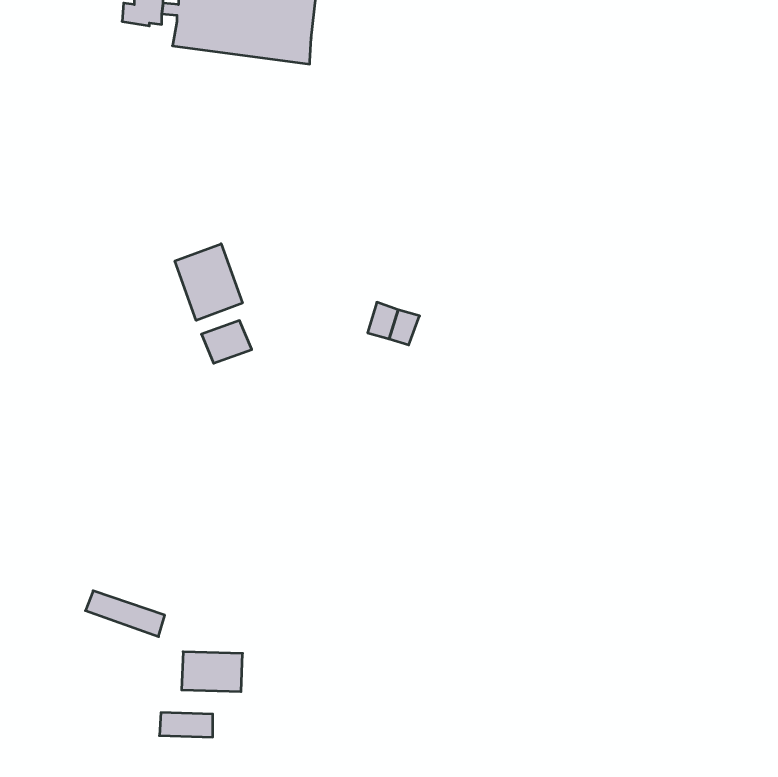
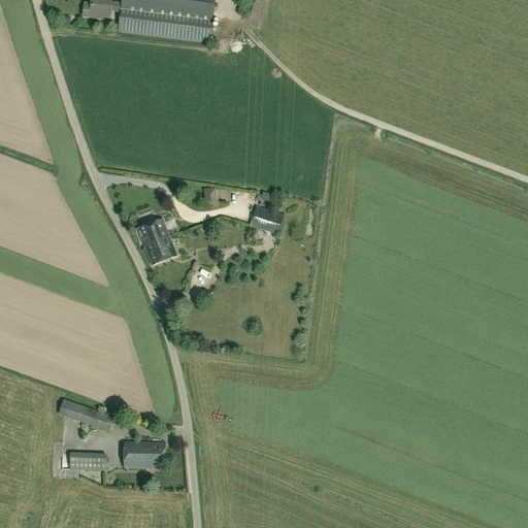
building: [175,244,242,320] -> none
building: none -> [144,236,177,264]
building: [159,713,213,737] -> [69,453,105,469]

